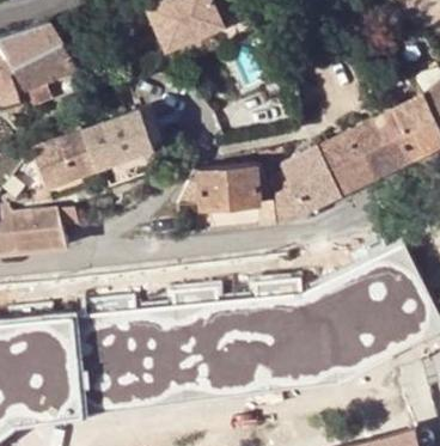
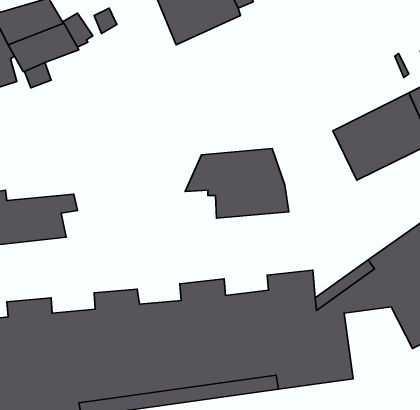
building: [31,106,153,185] -> none
building: [268,146,341,222] -> none
building: [329,312,393,380] -> none

